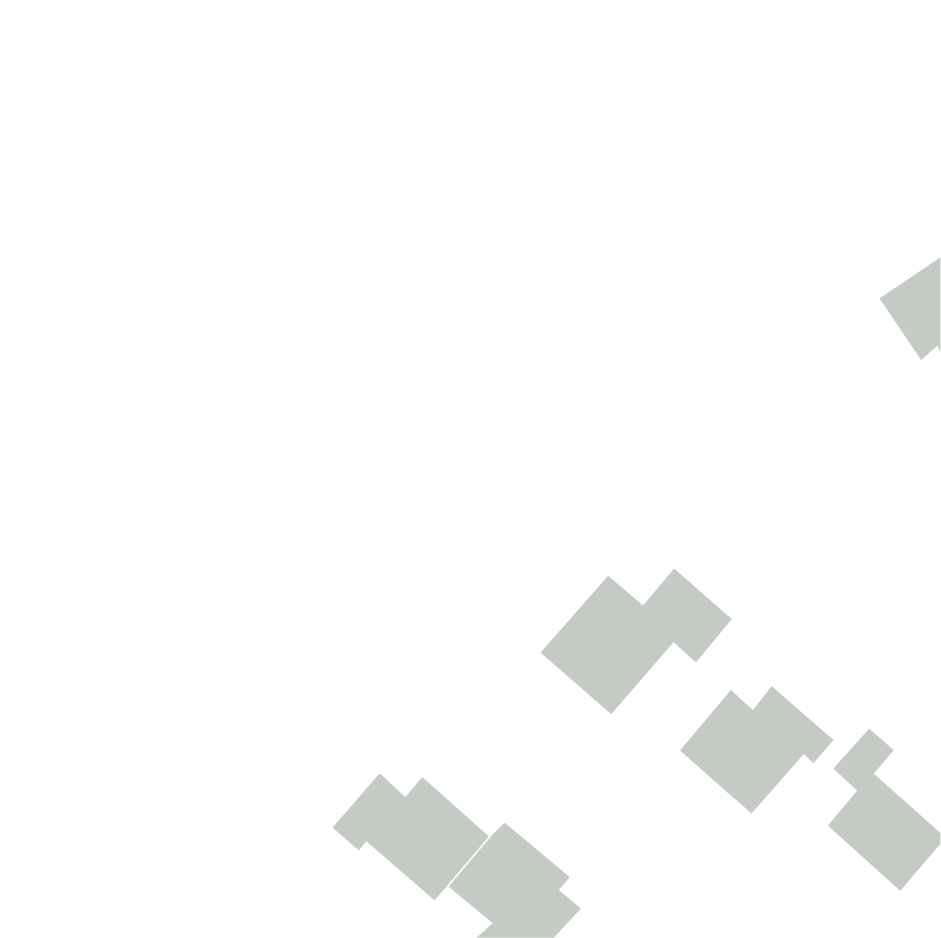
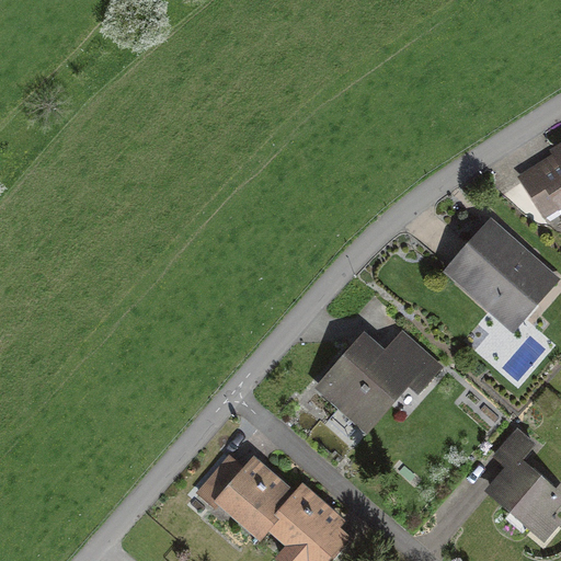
building: none -> [455,229,550,322]
building: [679,685,835,814] -> none

